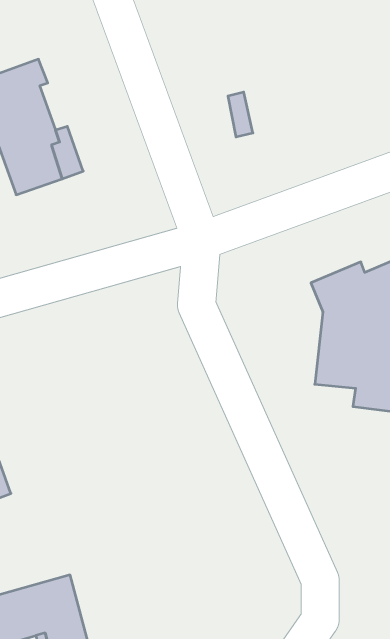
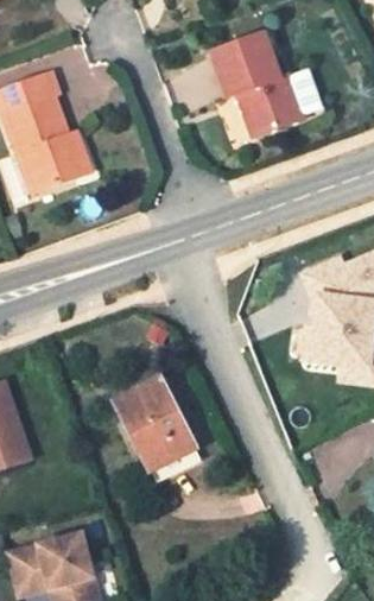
building: none -> [214,32,304,135]
building: none -> [112,379,192,472]

